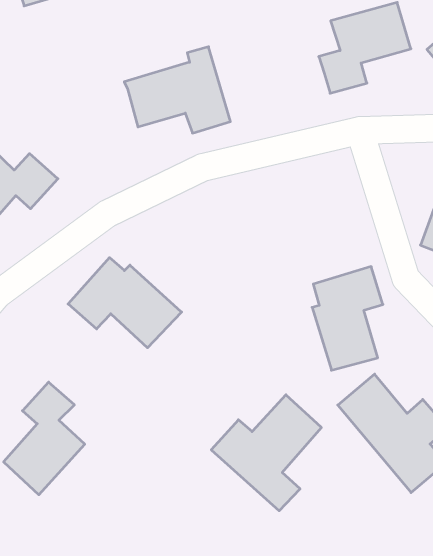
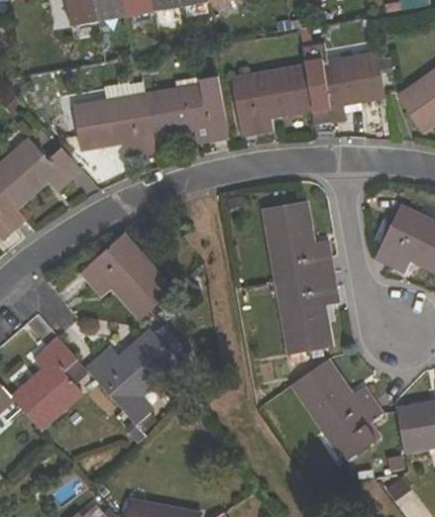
building: none -> [233,69,312,136]
building: none -> [73,99,156,157]
building: none -> [264,201,333,280]
building: [211,395,321,511] -> [85,329,178,424]

